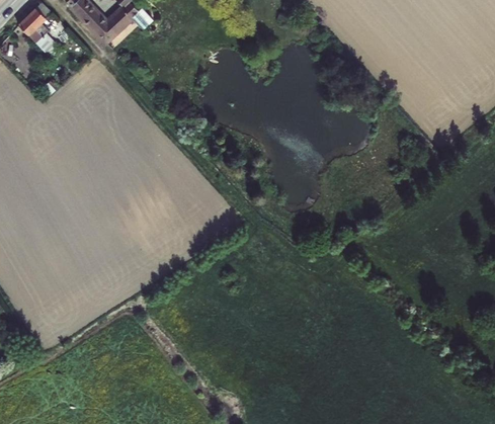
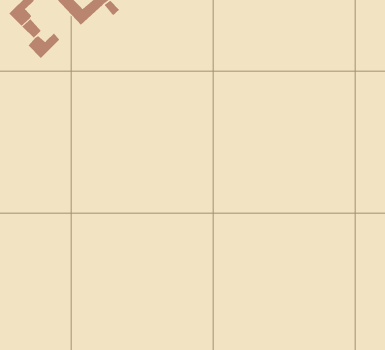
building: none -> [28,33,60,59]

